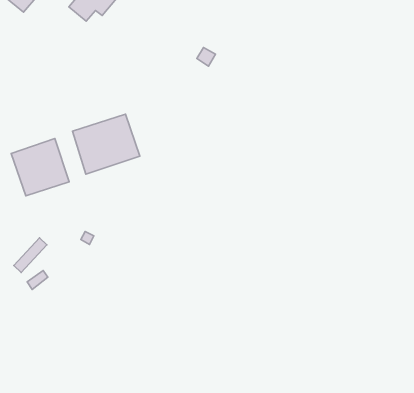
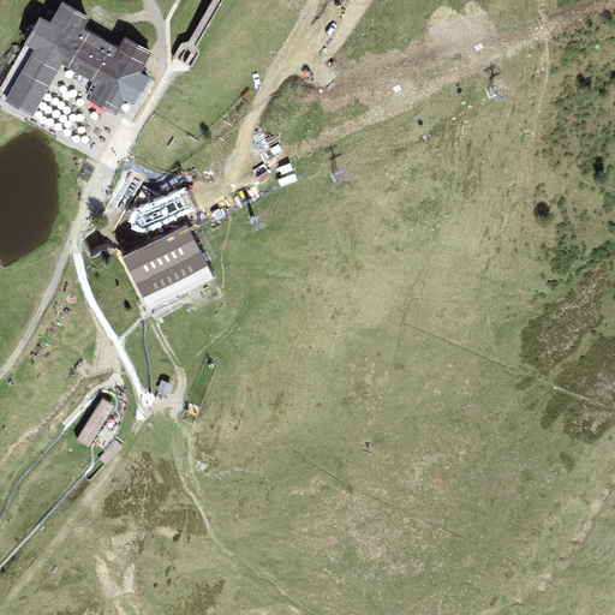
building: [11,138,69,196] -> none

